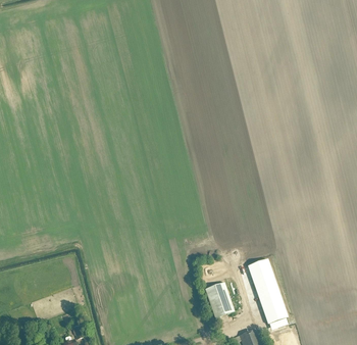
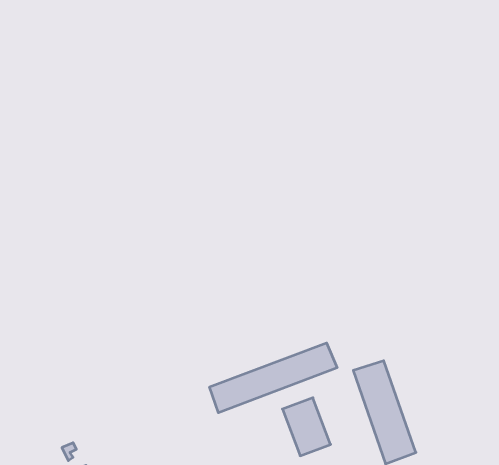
building: none -> [210,343,337,413]

